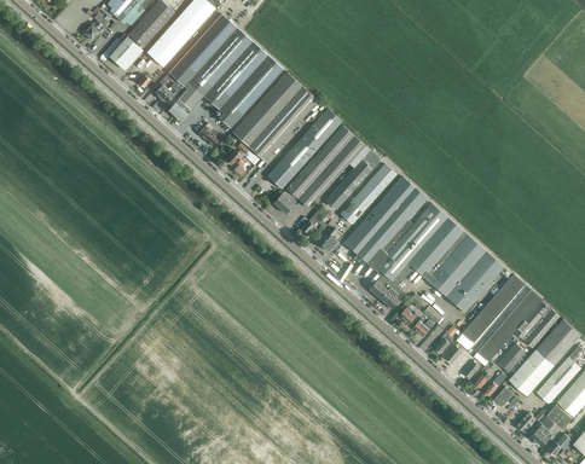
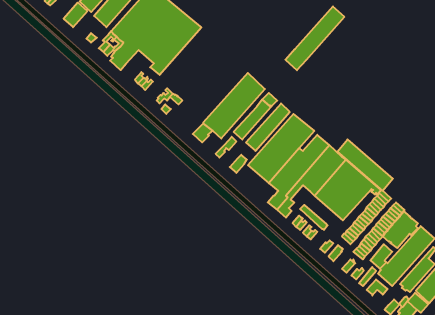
building: [232,71,318,160] -> none
building: [266,108,341,188] -> [285,6,344,70]
building: none -> [337,139,393,191]

